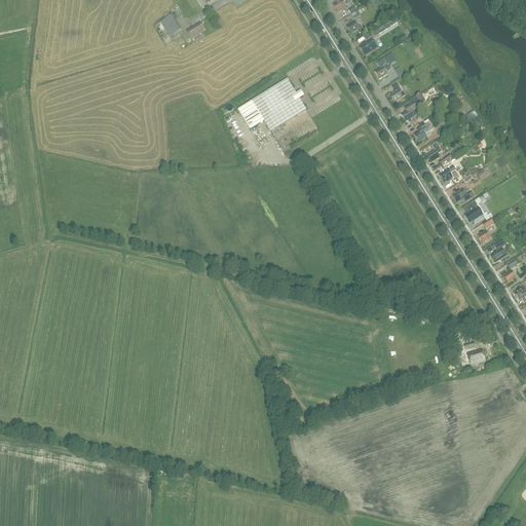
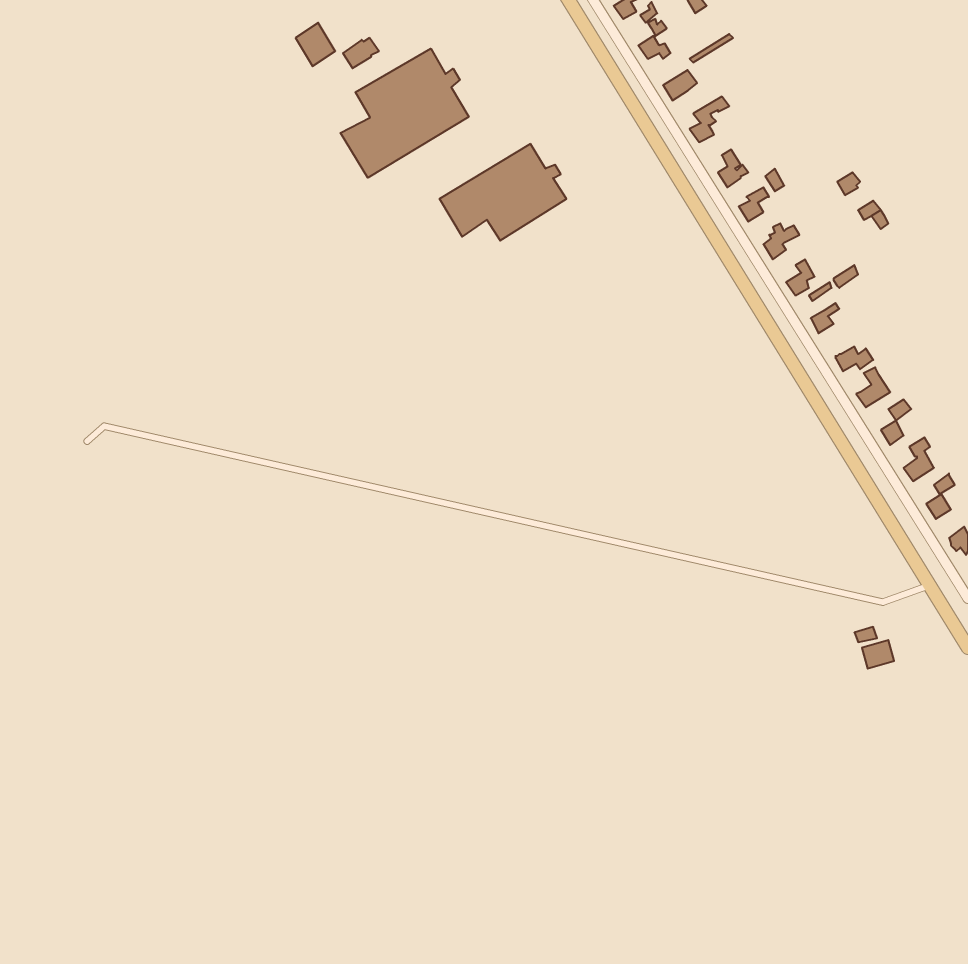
building: none -> [340,49,469,178]

